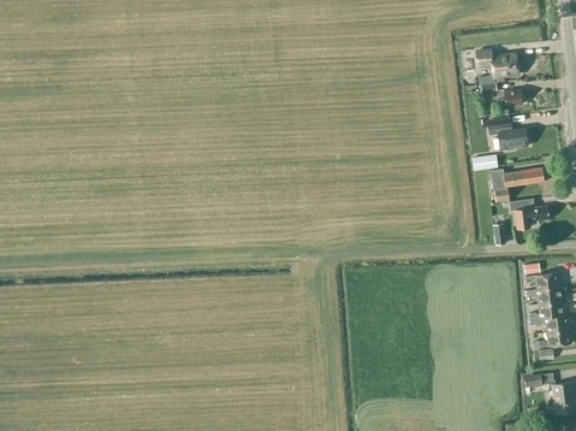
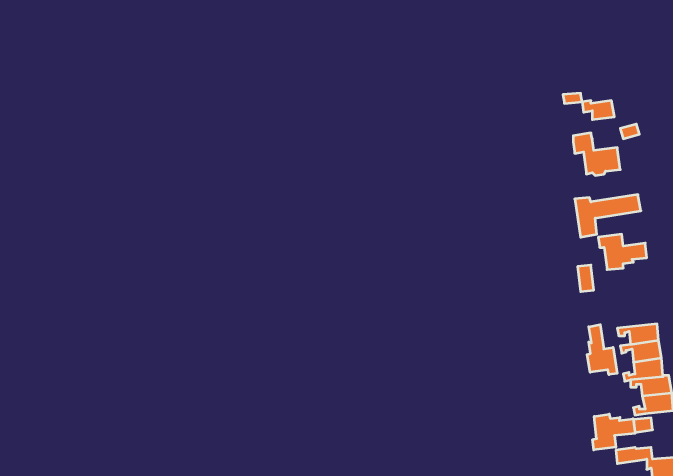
building: [476,48,518,77] -> none
building: none -> [587,325,617,375]
building: none -> [593,414,635,450]

